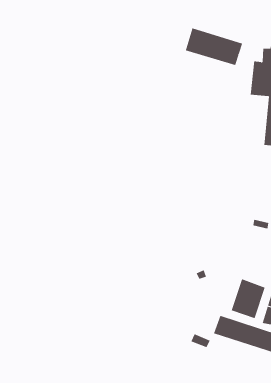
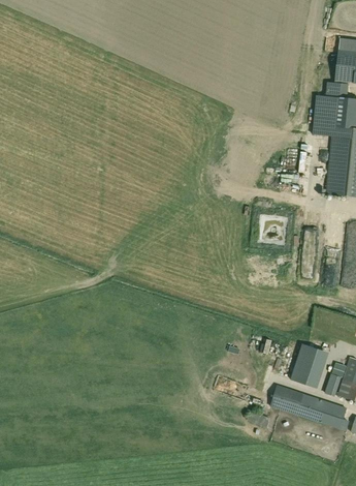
building: [185,27,243,66] -> none

